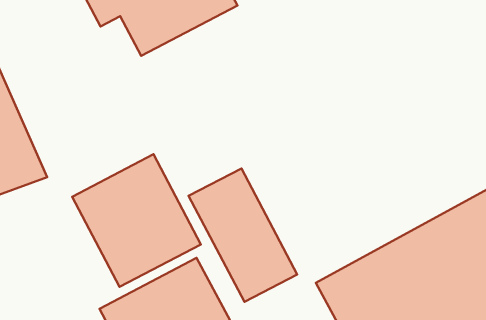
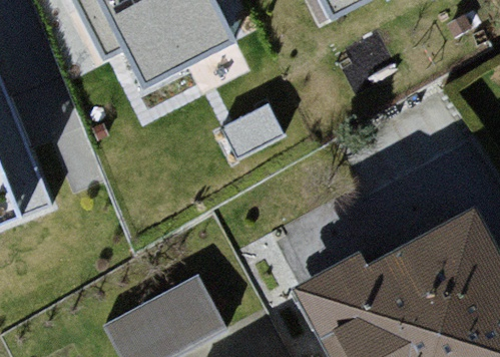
building: [72,154,201,287] -> none
building: [189,169,297,302] -> none

